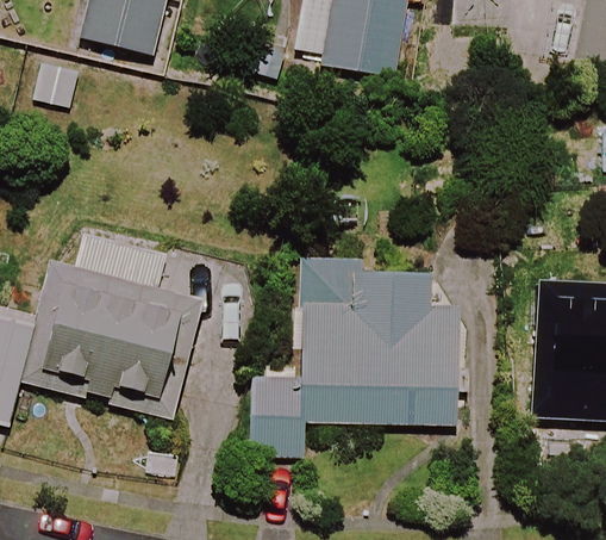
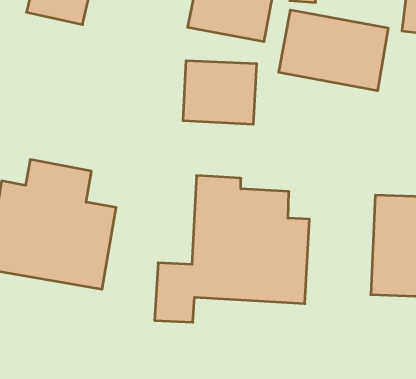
building: none -> [279,10,388,91]
building: none -> [183,61,257,124]

